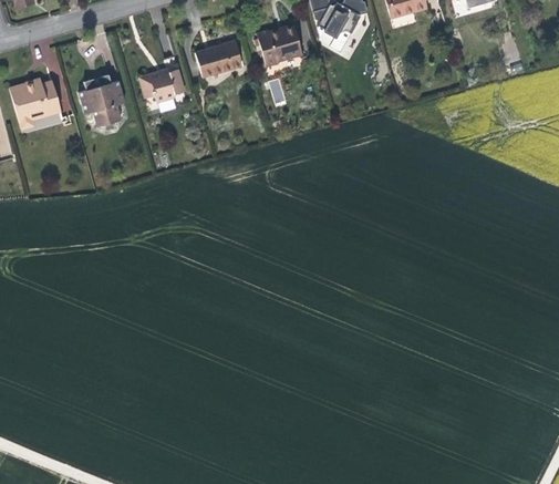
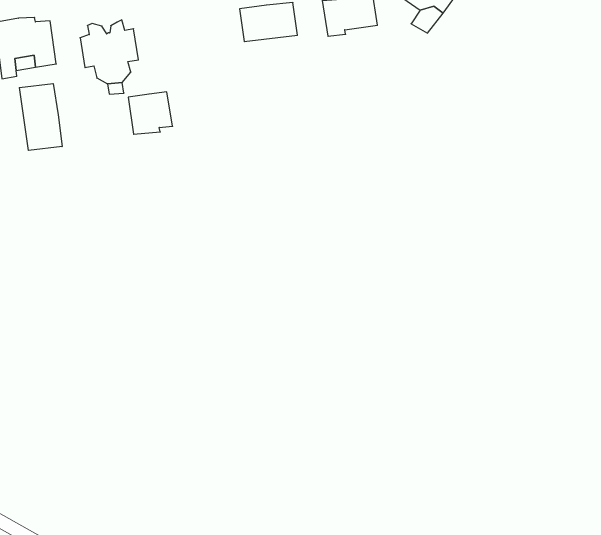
building: [149,66,186,102] -> [128,92,173,134]
building: none -> [19,84,62,150]

